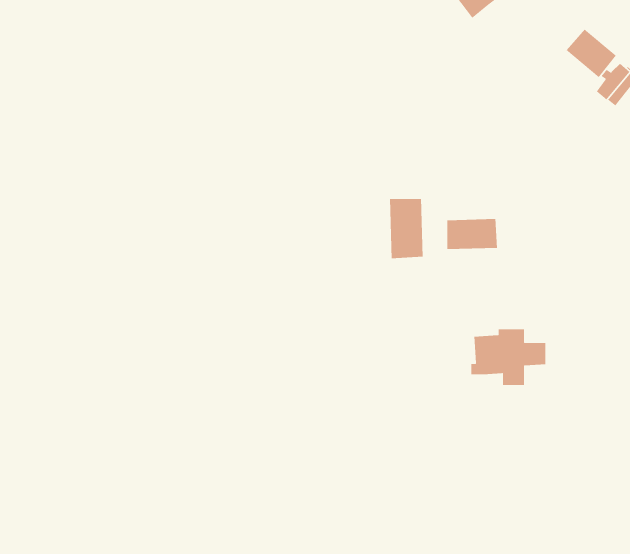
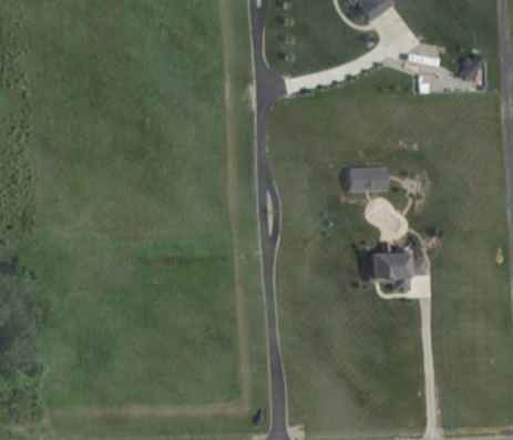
building: [566,28,617,78] -> none
building: [389,198,424,259] -> none

